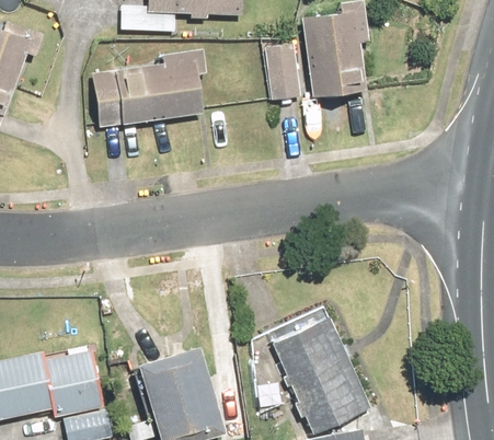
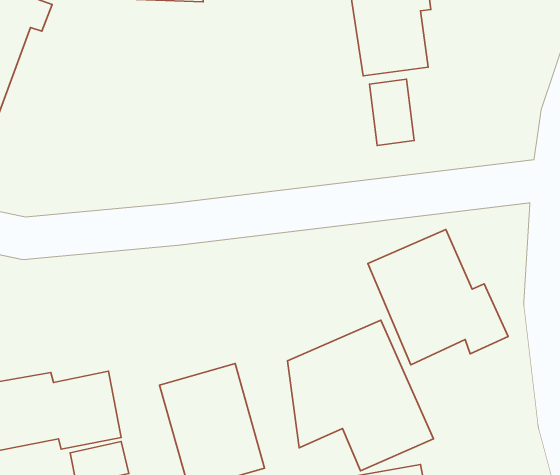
building: [263,43,301,100] -> [369,79,414,146]
building: [92,51,208,129] -> none
building: none -> [368,229,508,365]

